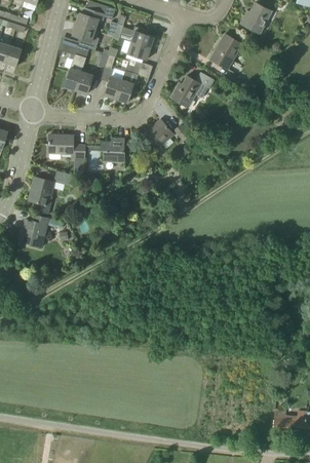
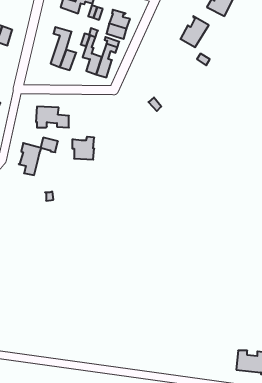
building: [70,24,99,51] -> none
building: [170,72,215,108] -> none
building: [146,119,173,148] -> none
building: [101,138,125,163] -> [72,137,94,160]
building: [18,214,49,247] -> none

